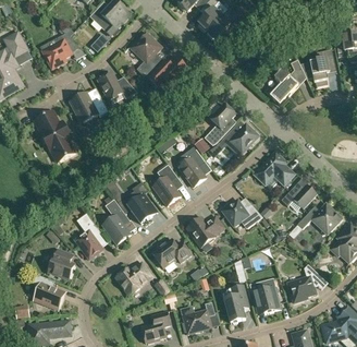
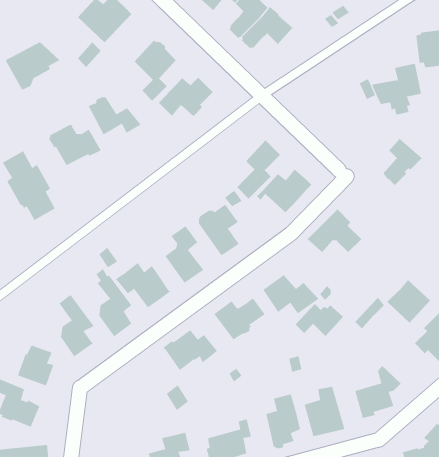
building: [270,70,298,104] -> [383,138,422,186]
building: [281,183,316,207] -> [295,303,344,337]
building: [115,263,151,295] -> none

